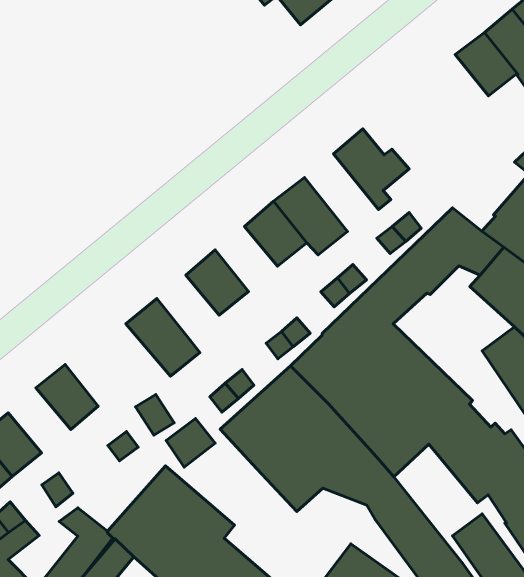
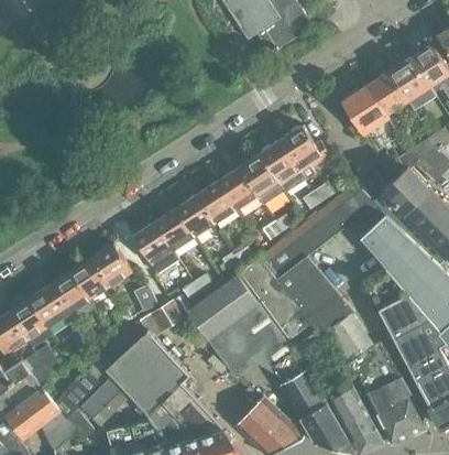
building: none -> [342,84,391,136]
building: none -> [261,140,307,193]
building: none -> [197,181,237,224]
building: none -> [155,208,195,251]
building: none -> [90,245,131,288]
building: none -> [50,271,95,323]

